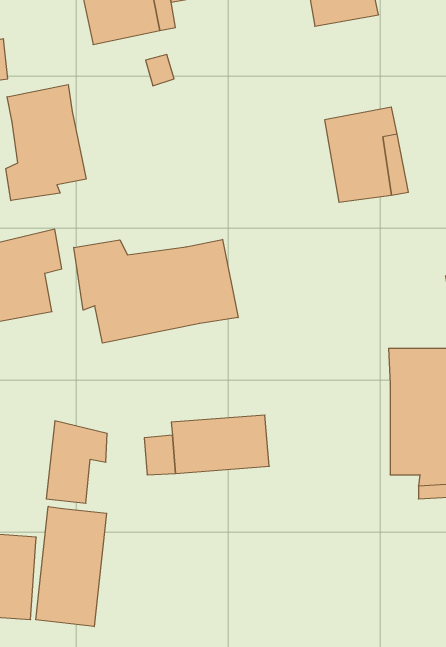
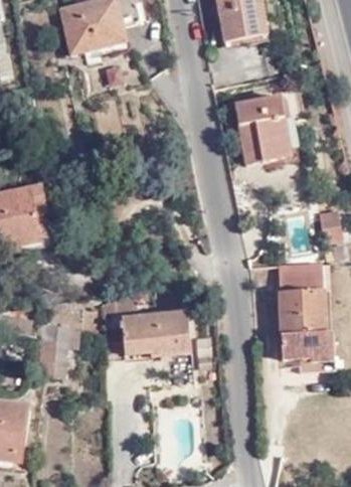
building: [6,85,86,201] -> none
building: [74,239,238,343] -> none
building: [36,506,107,627] -> none

